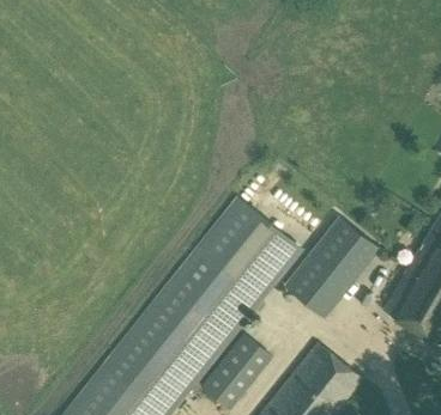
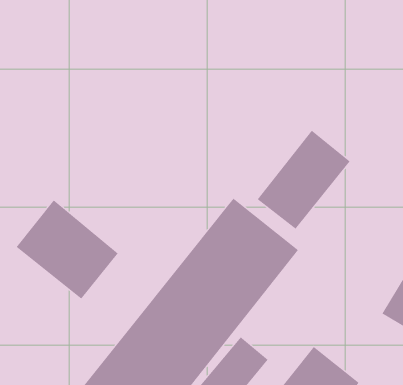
building: none -> [16,200,118,299]
building: [285,216,377,315] -> [257,130,351,230]

